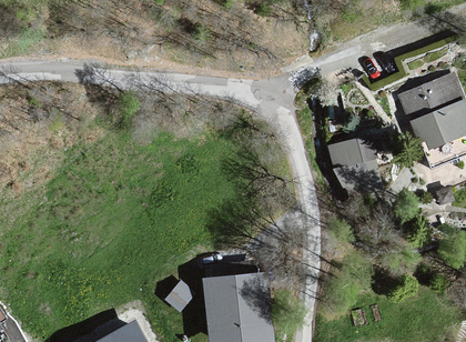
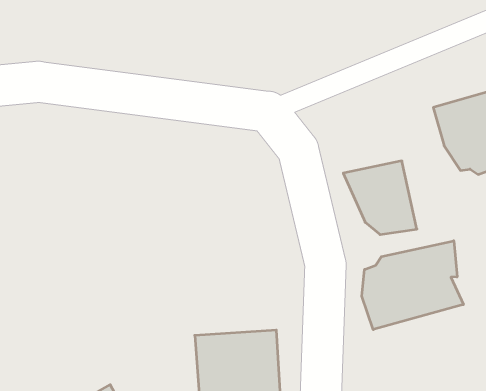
building: none -> [362,241,463,330]

